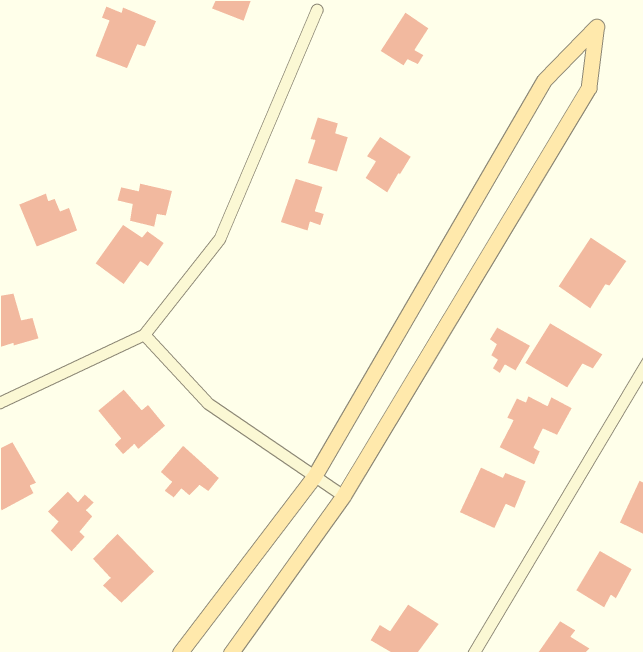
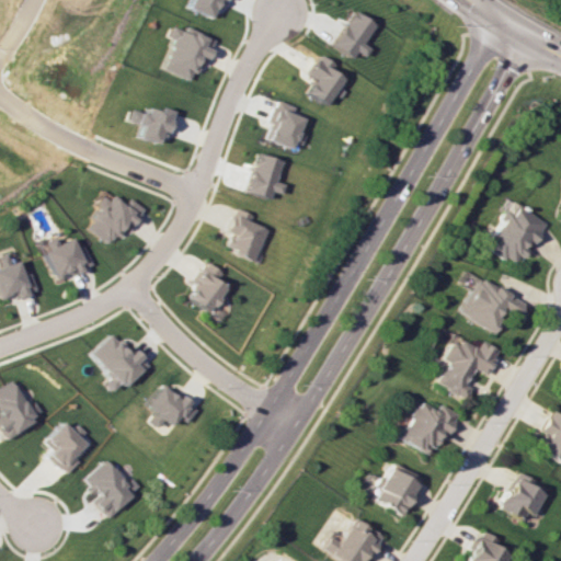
building: [94,5,157,69] -> [165,26,219,81]
building: [364,136,412,193] -> [309,57,350,106]
building: [117,183,173,228] -> [131,106,180,145]
building: [18,193,78,248] -> [46,233,98,280]
building: none -> [229,208,271,261]
building: none -> [190,263,228,313]
building: [489,326,531,374] -> none
building: none -> [377,463,424,515]

